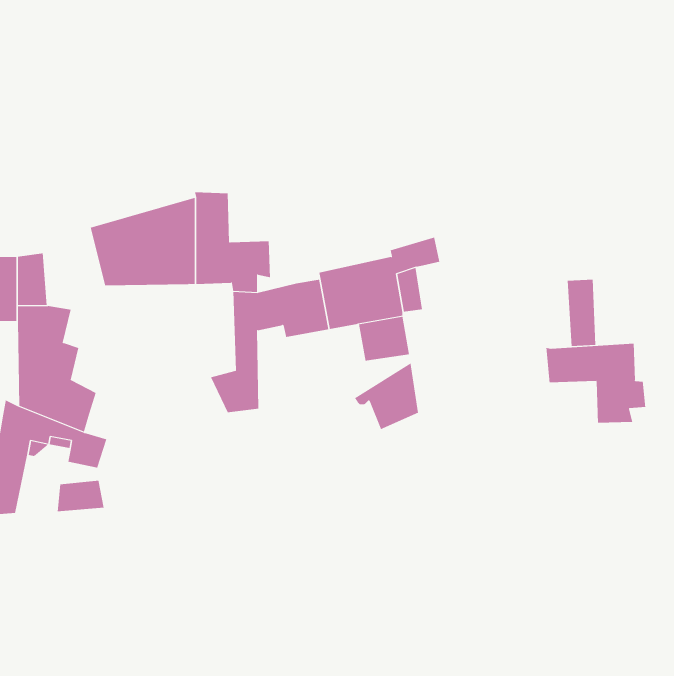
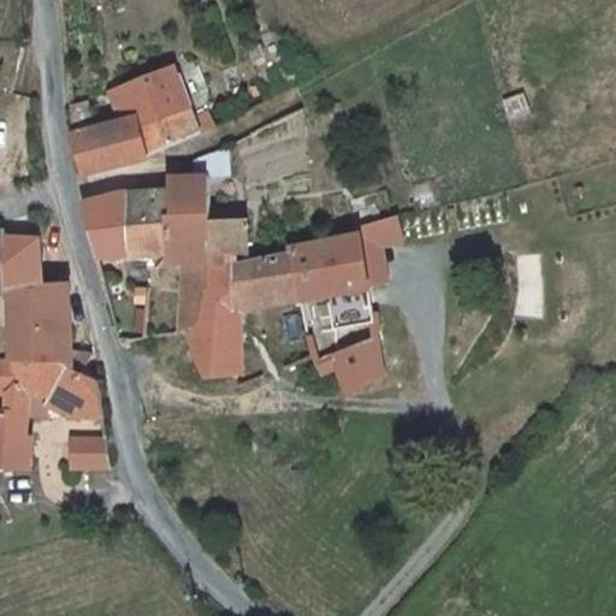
building: none -> [84,64,184,178]
building: none -> [172,257,214,348]
building: [546,343,646,423] -> none

